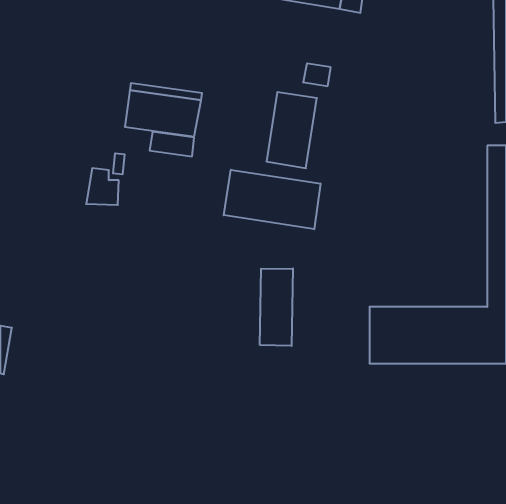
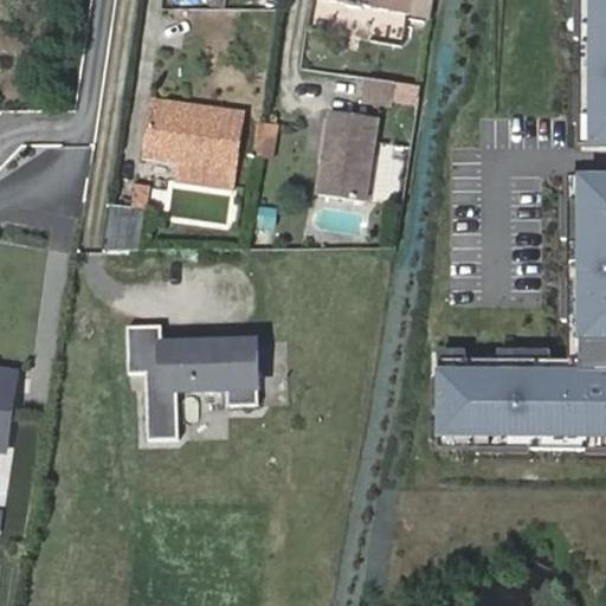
building: [224,170,320,229] -> none
building: none -> [128,321,256,436]
building: [260,268,293,346] -> none

